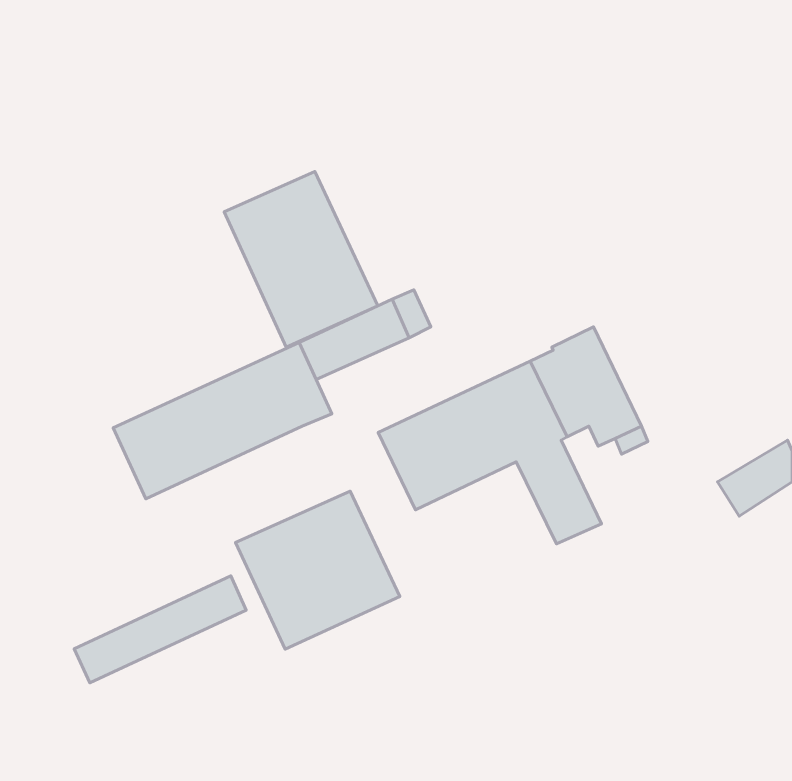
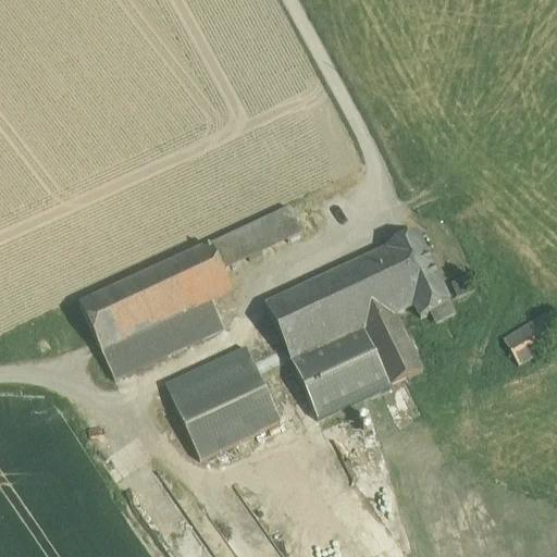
building: [224,171,378,347] -> none
building: none -> [292,324,391,416]
building: [74,576,246,683] -> [102,299,223,374]

